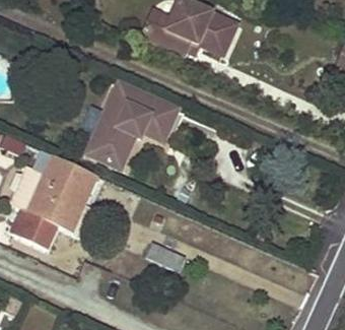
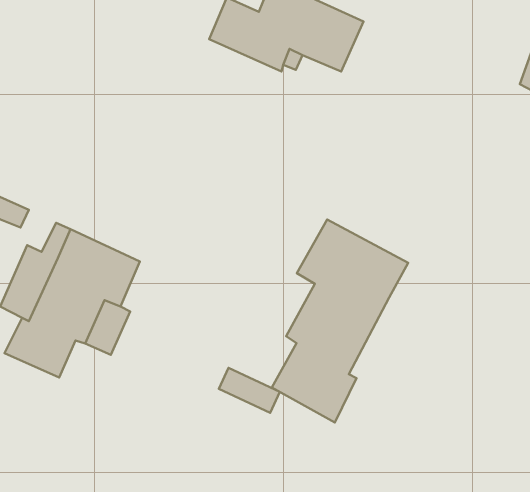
building: [86,82,177,168] -> none
building: none -> [272,220,408,423]

